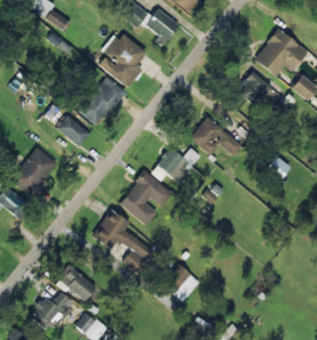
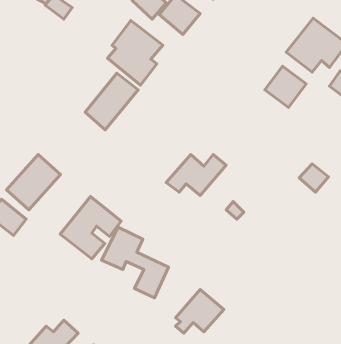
building: [57,114,90,146] -> none
building: [190,116,243,155] -> none
building: [119,171,172,225] -> [60,197,121,259]
building: [56,265,97,301] -> none

